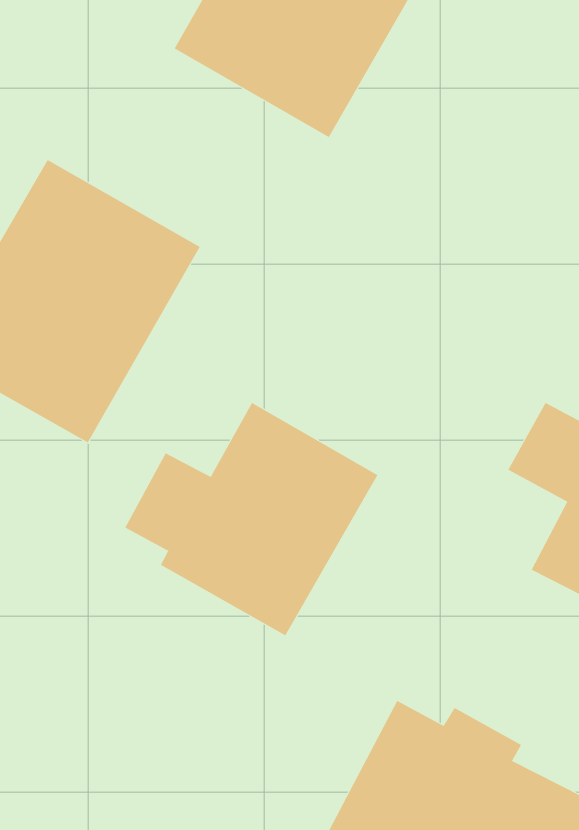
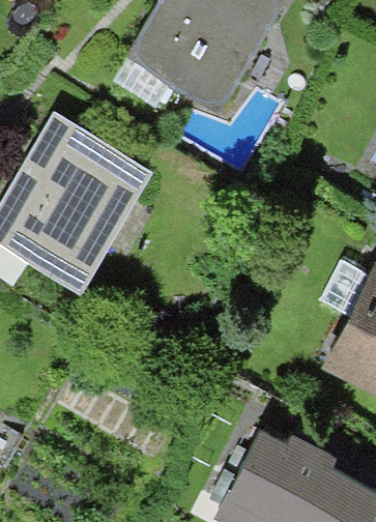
building: [125,402,378,636] -> none

